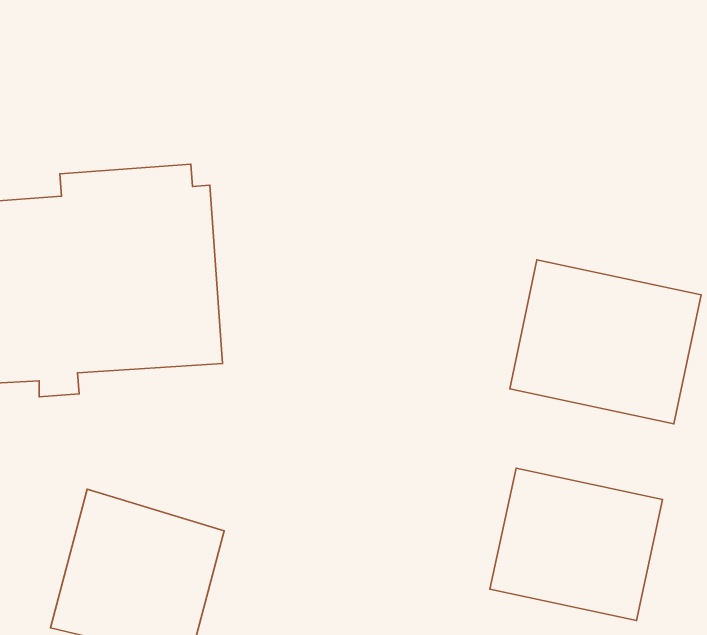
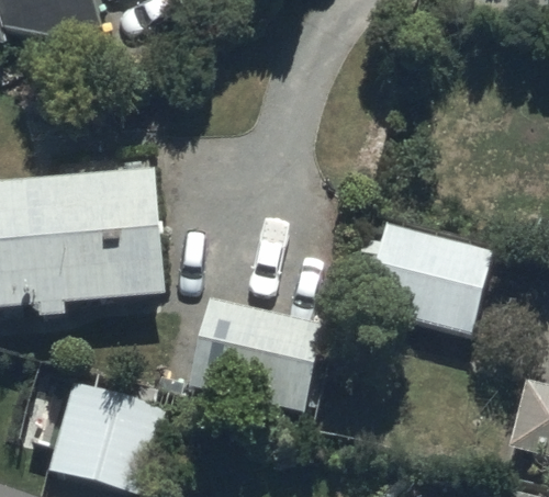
building: none -> [191,300,326,408]
building: [490,468,663,620] -> none

